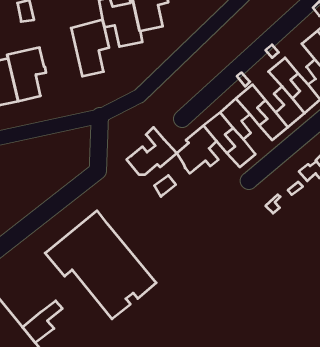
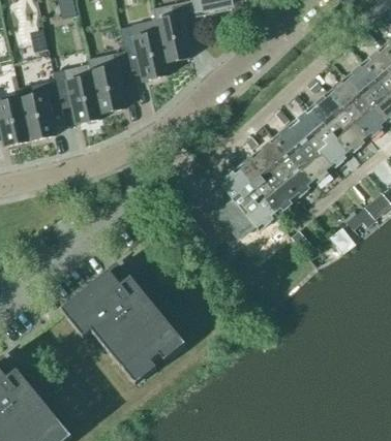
building: none -> [54,62,102,123]
building: none -> [329,75,363,121]
building: none -> [293,106,328,152]
building: none -> [280,154,314,198]
building: [127,127,177,174] -> [222,184,278,237]
building: [22,301,62,343] -> none

